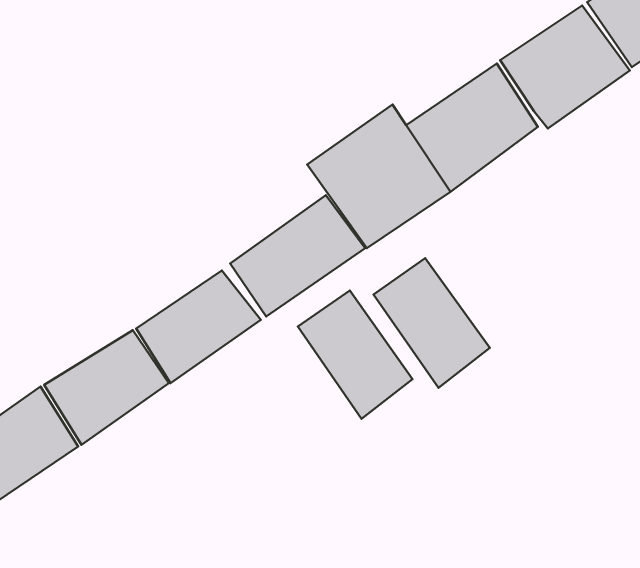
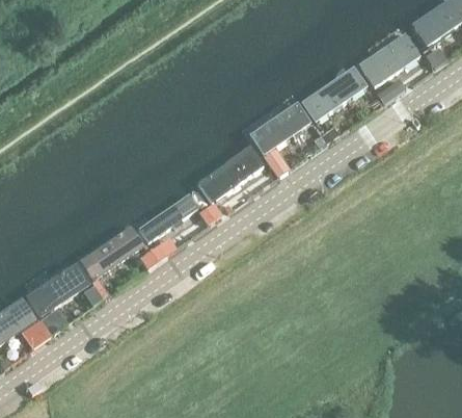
building: [373,258,490,388] -> none
building: [298,291,413,419] -> none

